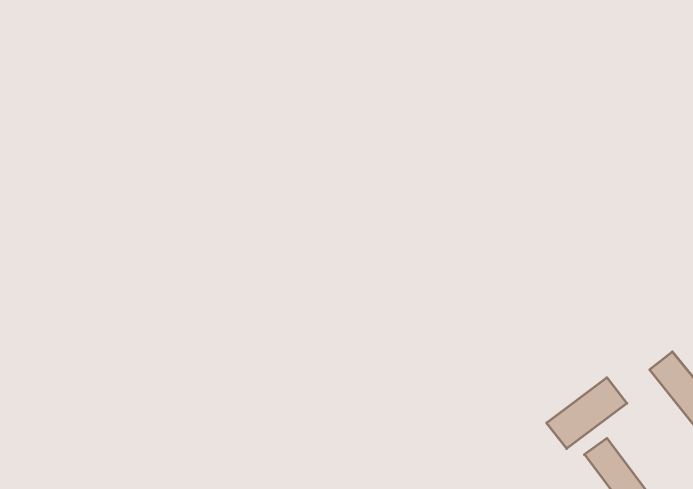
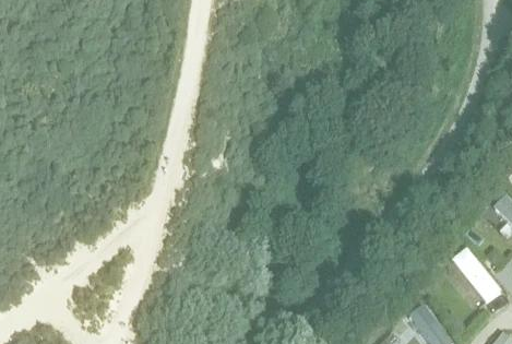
building: [547,378,627,449] -> none

